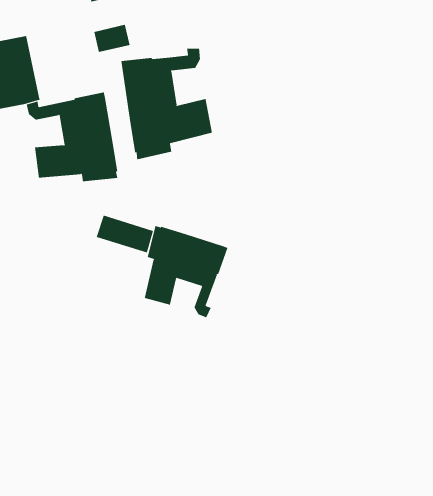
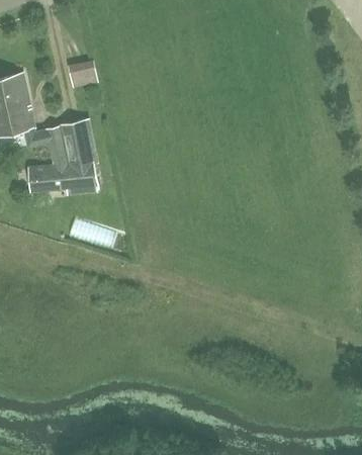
building: [121,48,213,160] -> none
building: [144,225,228,318] -> none

